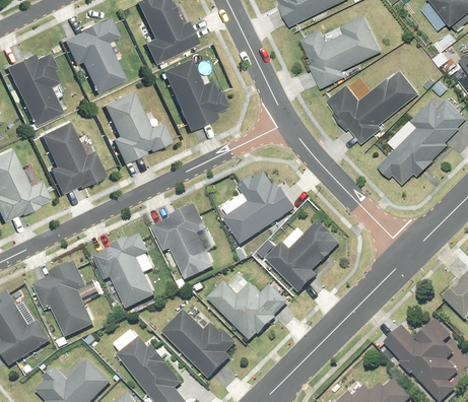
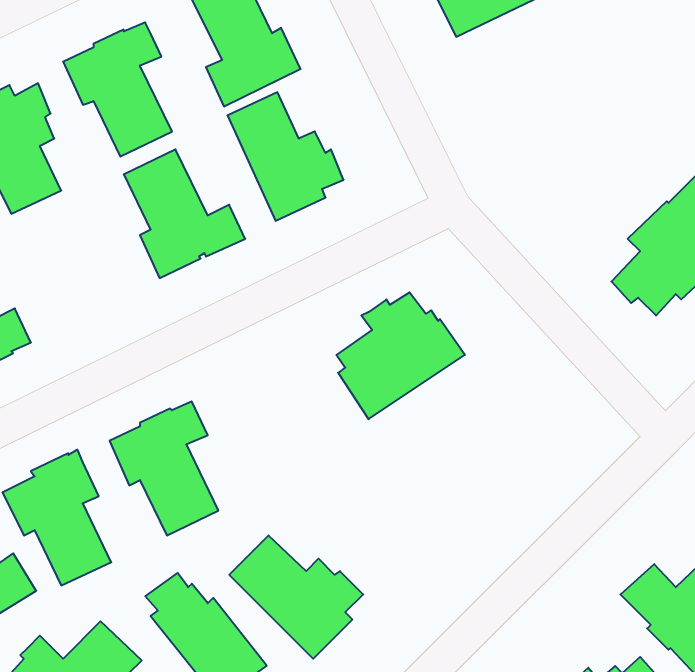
building: [299,14,382,88] -> none
building: [327,70,418,143] -> none
building: [38,122,104,195] -> none
building: [151,204,213,281] -> none
building: [264,220,339,293] -> none
building: [206,281,287,341] -> none

